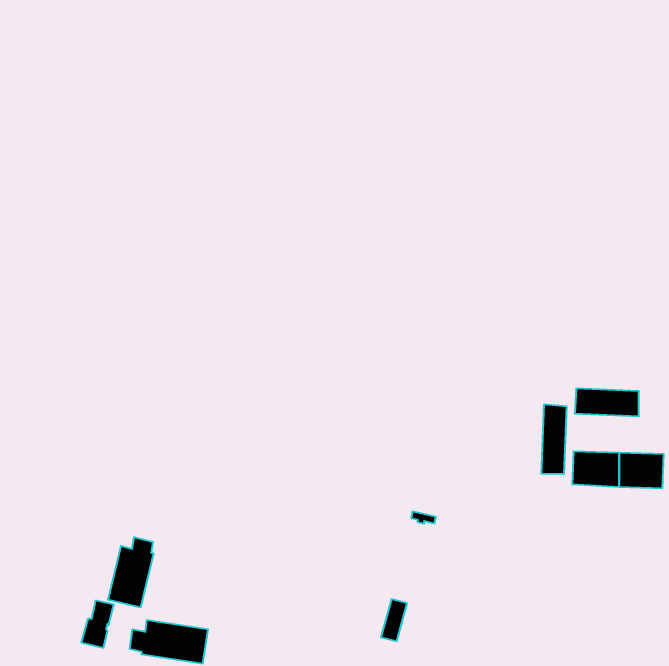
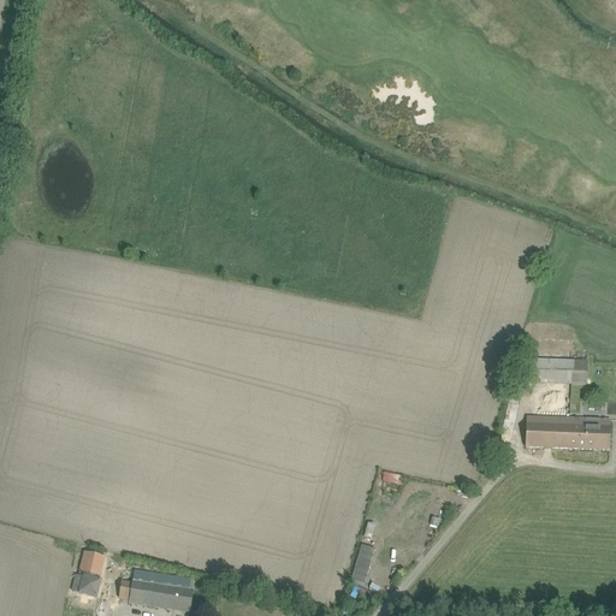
building: [541,404,566,474] -> none
building: [108,537,153,607] -> none

